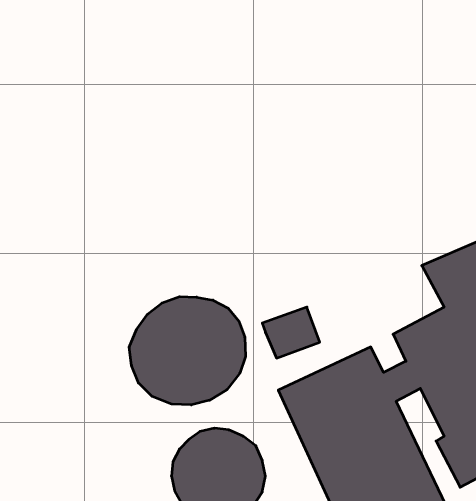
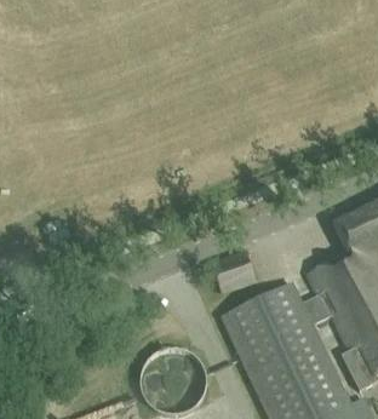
building: [129,297,246,405] -> none

